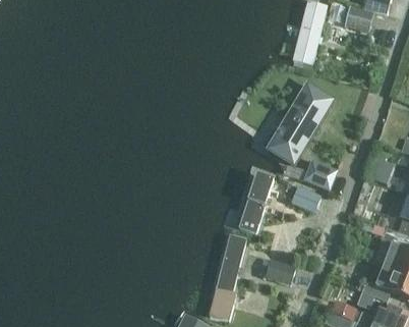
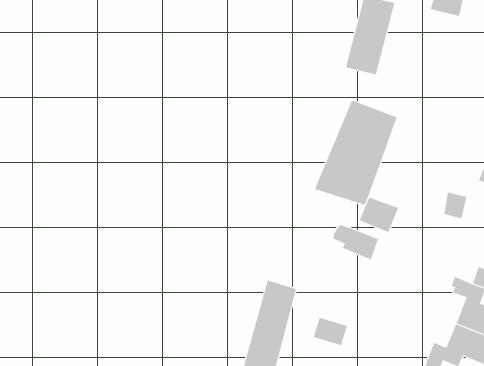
building: [342,6,371,33] -> none
building: [234,165,278,231] -> none

